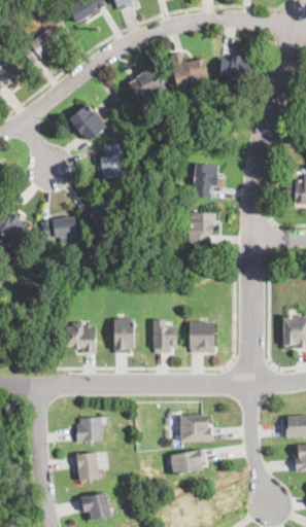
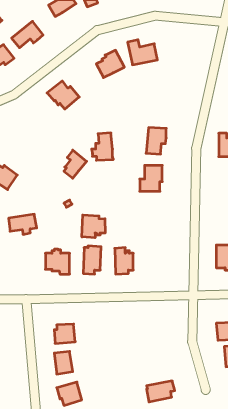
building: [217,55,252,80] -> none
building: [97,143,125,178] -> [92,133,113,160]
building: [42,217,78,243] -> [9,214,37,234]
building: none -> [82,215,105,238]
building: [190,321,216,352] -> none
building: [178,415,212,441] -> none
building: [171,448,207,475] -> [147,381,175,402]

